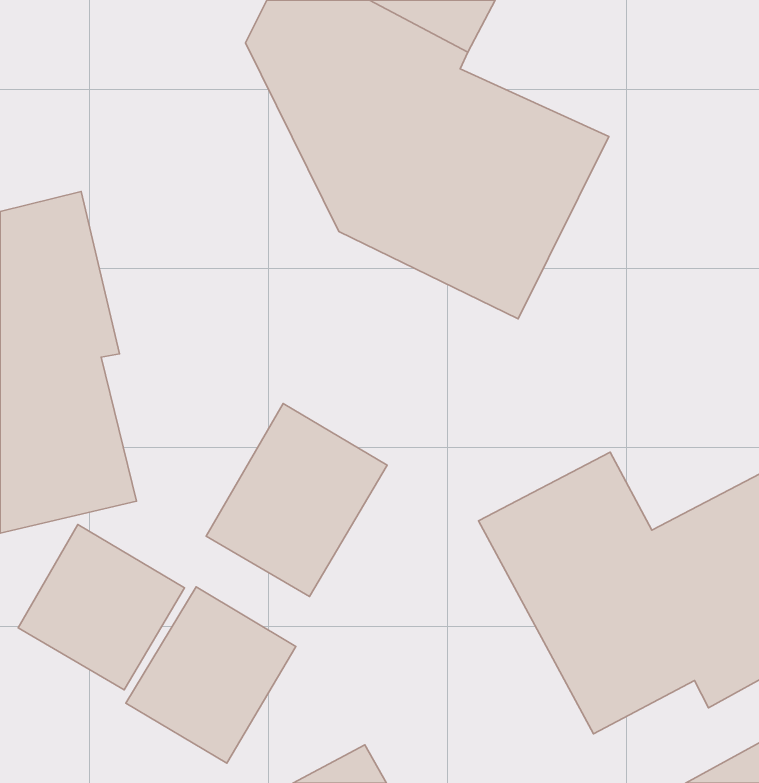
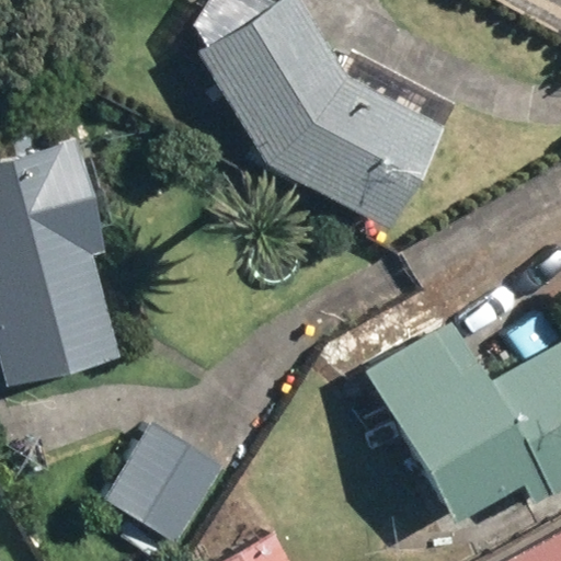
building: [206,404,387,596] -> none
building: [18,525,185,690] -> none

